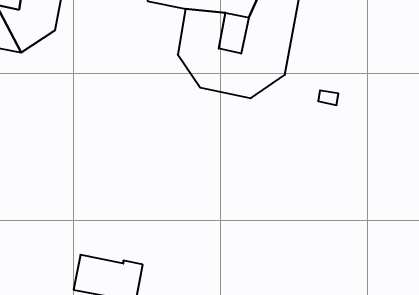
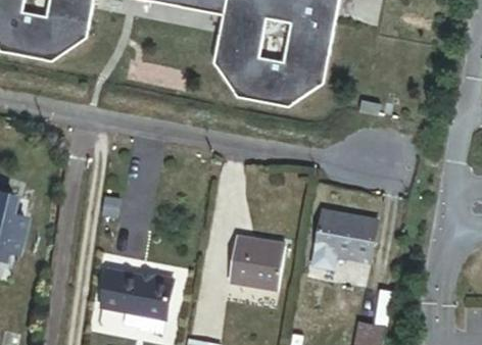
building: none -> [312,209,378,267]
building: none -> [229,234,285,286]

